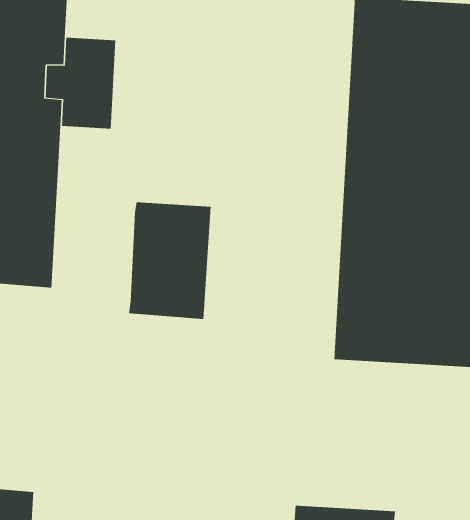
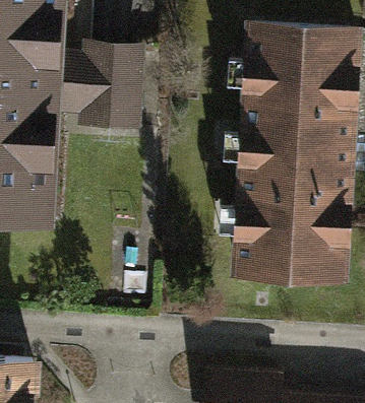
building: [128,202,212,319] -> [85,49,142,129]

